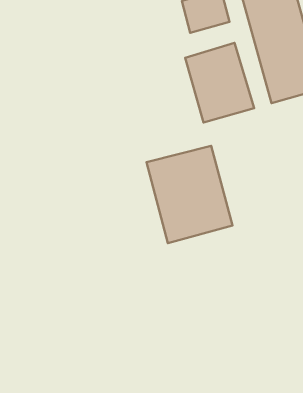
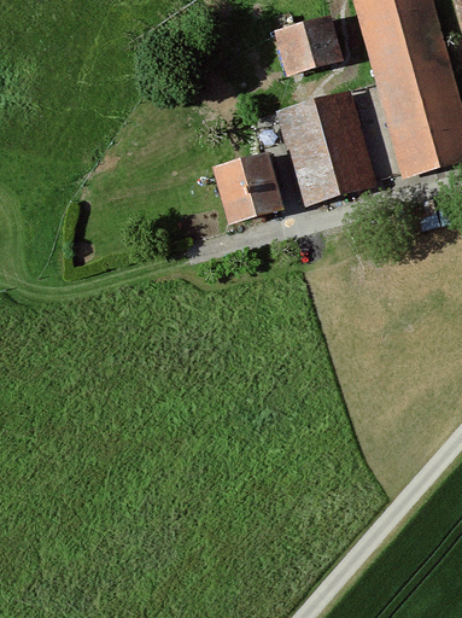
building: none -> [212,151,282,222]
building: [147,146,233,243] -> none

